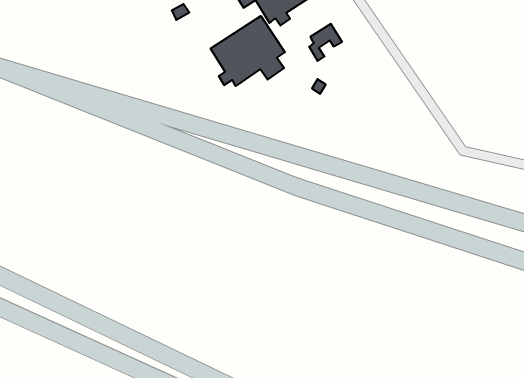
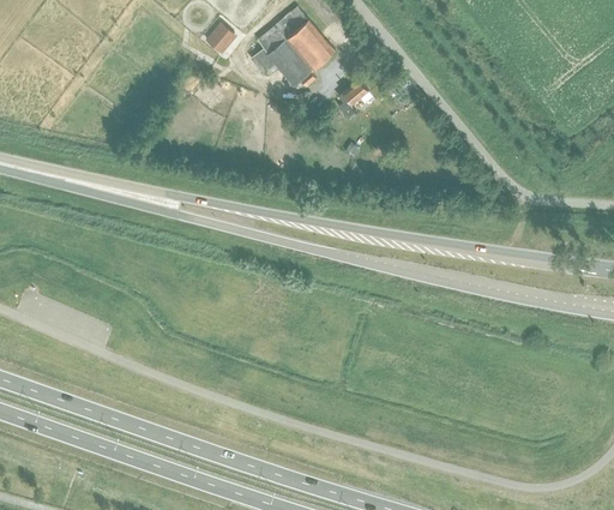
building: [211,16,285,86] -> none

